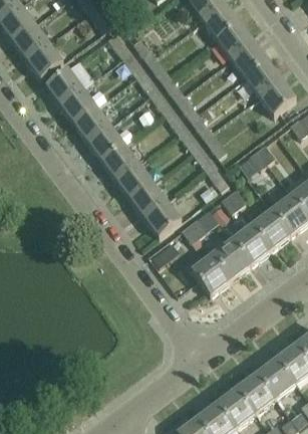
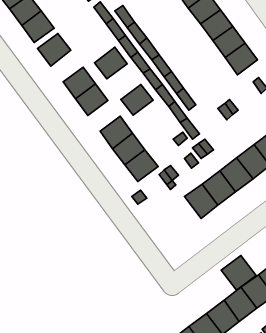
building: [59,87,96,124] -> [95,47,127,79]
building: [101,145,138,180] -> [121,84,153,115]
building: [192,254,231,294] -> none
building: none -> [221,255,256,290]

